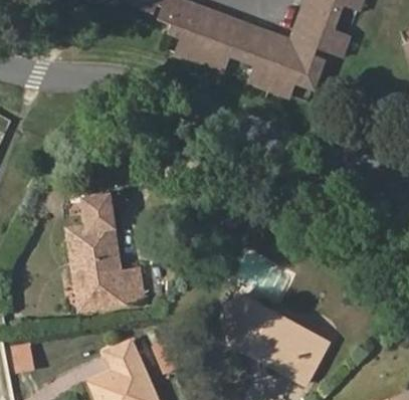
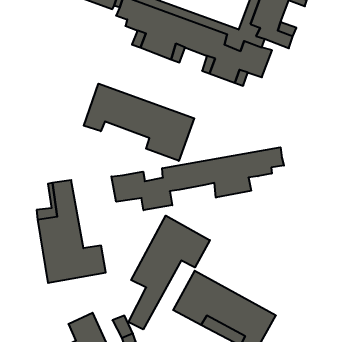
building: none -> [84,84,194,161]
building: none -> [111,147,284,210]
building: none -> [129,216,210,329]

